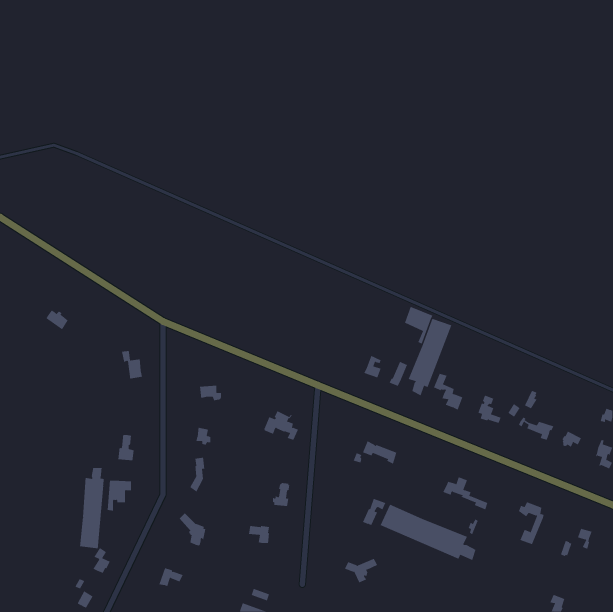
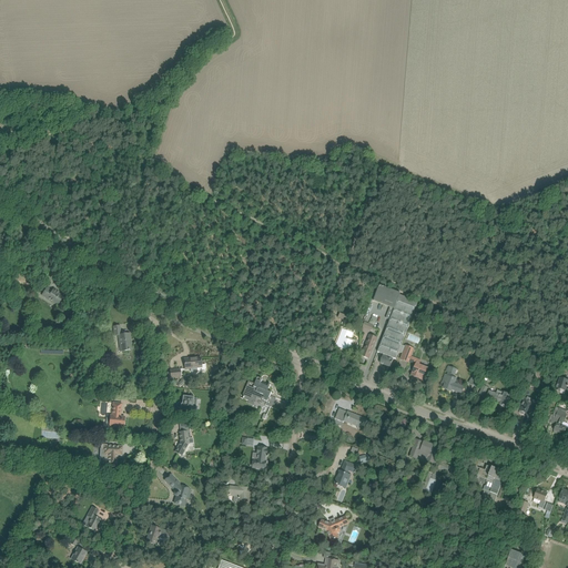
building: [80,467,104,549] -> none
building: [380,504,476,561] -> none

